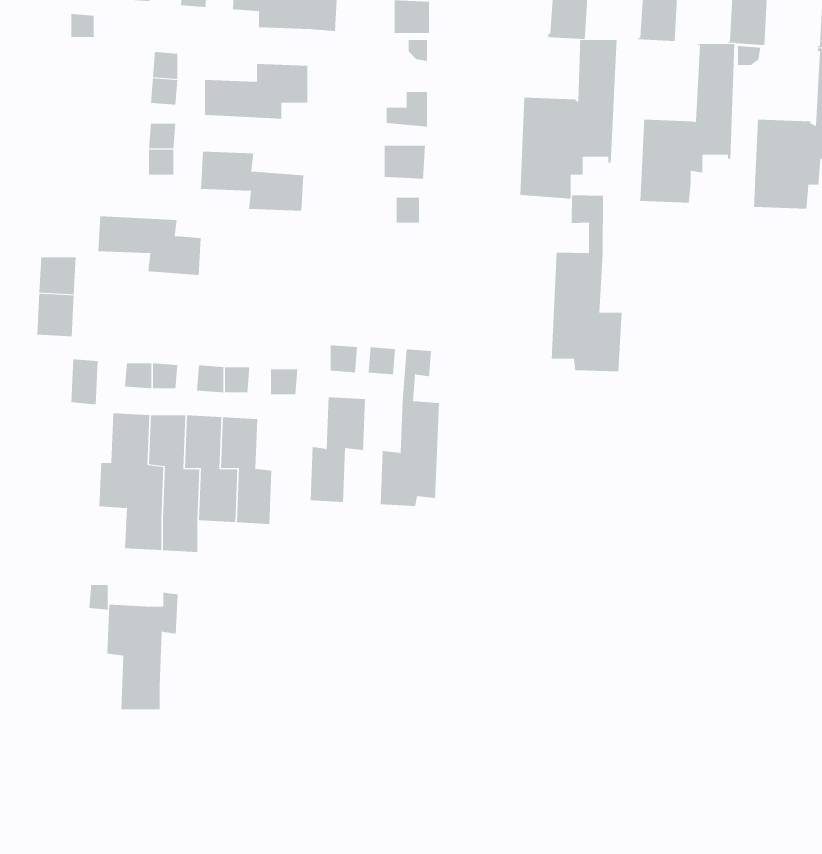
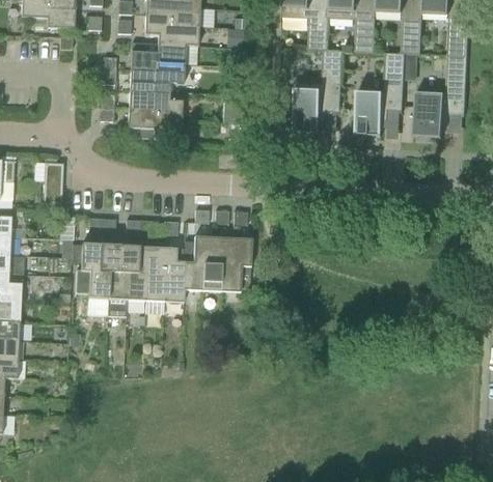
building: none -> [129,42,184,72]
building: [551,195,622,372] -> none
building: [98,216,201,276] -> [128,89,182,120]
building: none -> [201,236,231,291]
building: [107,592,178,710] -> [156,240,193,302]

